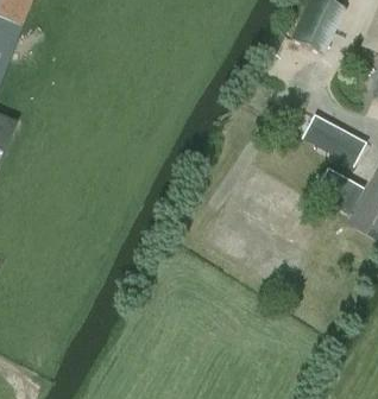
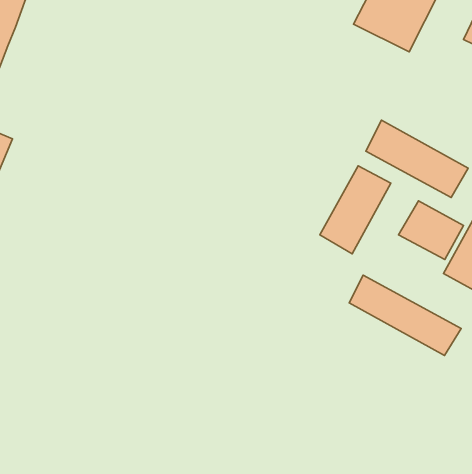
building: none -> [320,166,391,254]
building: none -> [349,275,461,355]

